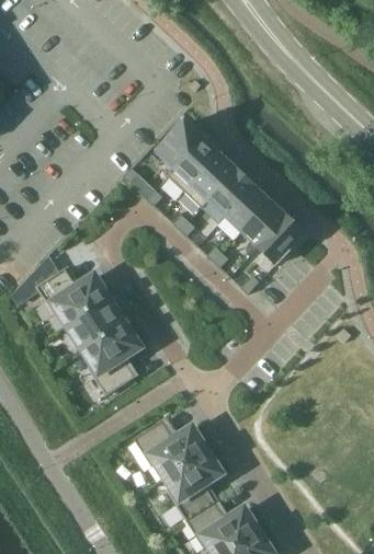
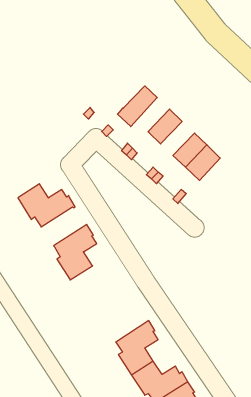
building: [156,123,205,169] -> none
building: [186,154,238,208] -> none
building: [226,186,271,231] -> none
building: [68,299,128,355] -> none
building: [135,420,211,477] -> none

